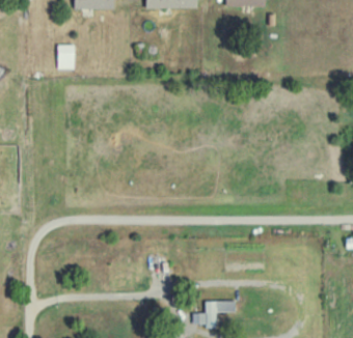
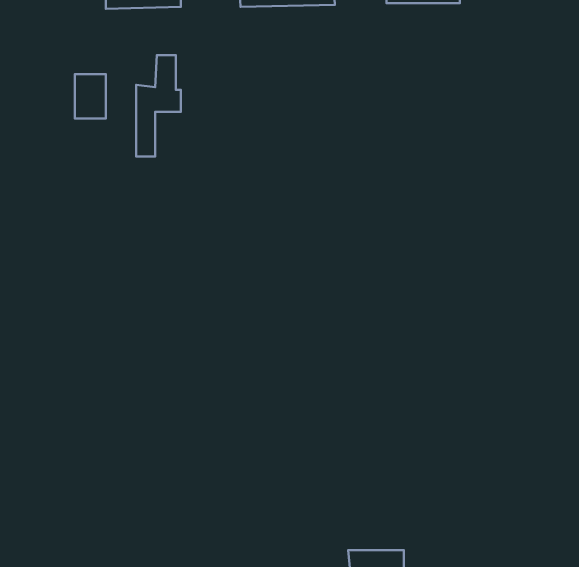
building: none -> [136,55,181,156]

